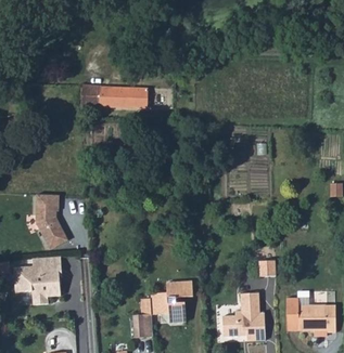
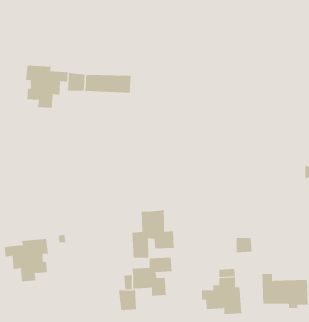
building: none -> [25,65,68,109]
building: [33,193,65,248] -> none
building: none -> [132,210,174,258]

